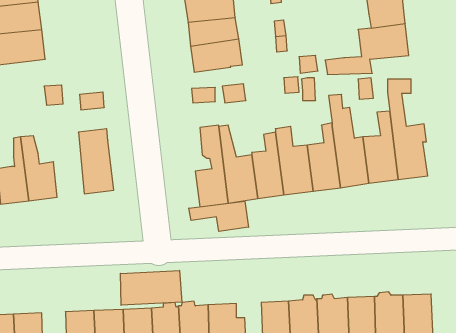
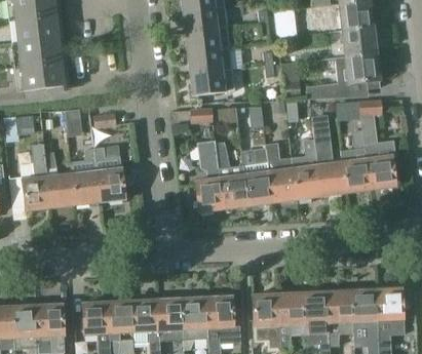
building: none -> [68,148,97,204]
building: [189,201,248,231] -> none
building: [120,270,182,305] -> none

